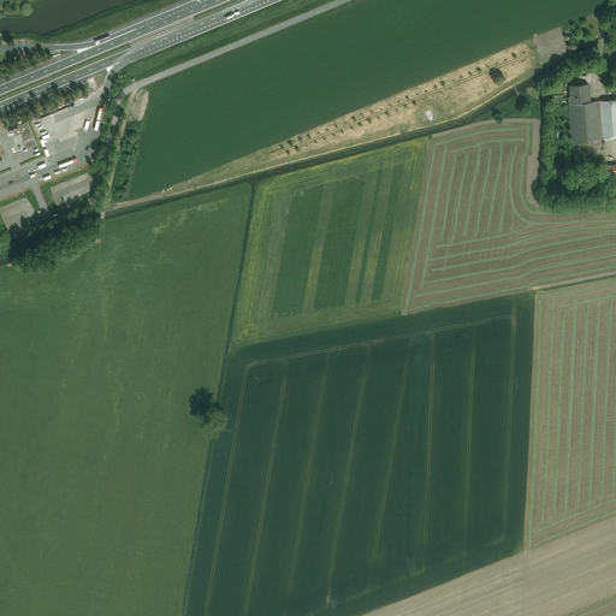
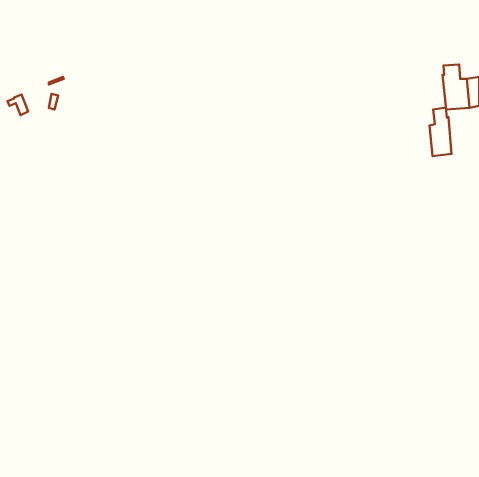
building: none -> [430,108,452,156]

